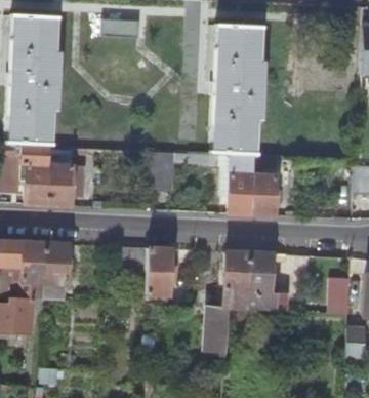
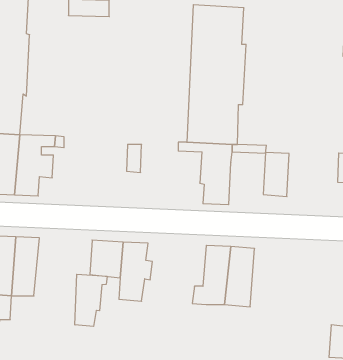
building: [251,173,276,215] -> [263,153,289,197]
building: [323,274,348,313] -> none
building: none -> [75,274,107,326]
building: [204,308,230,355] -> none

